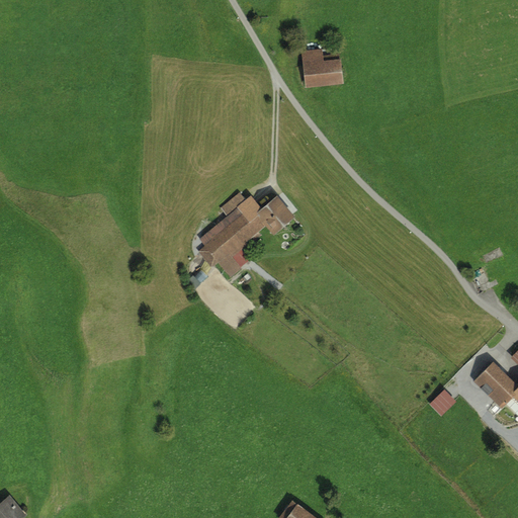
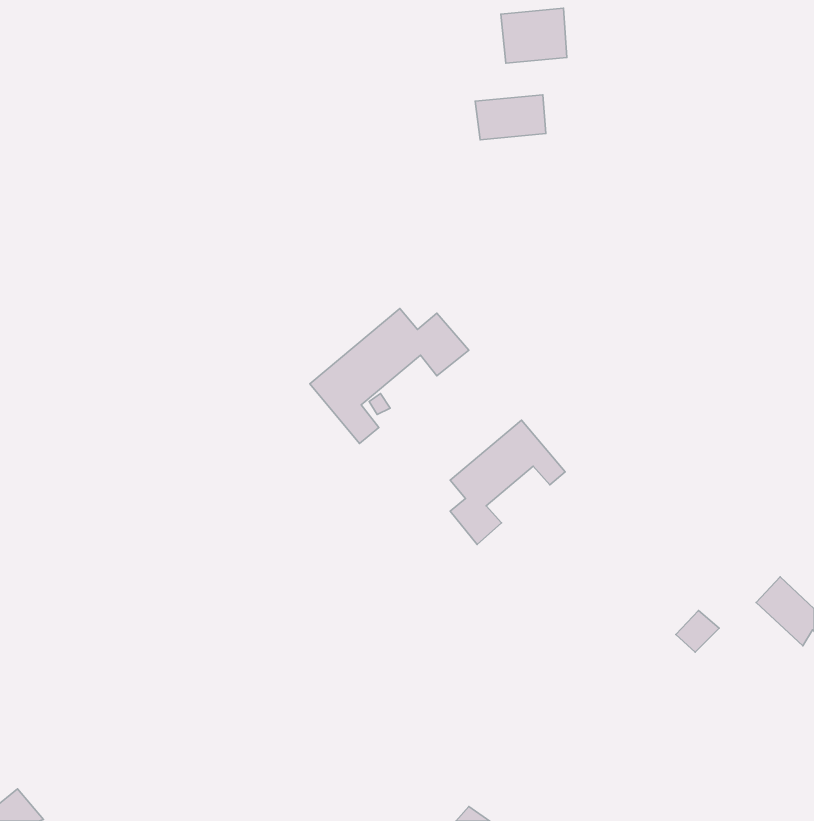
building: none -> [501,8,567,63]
building: none -> [450,420,565,544]

